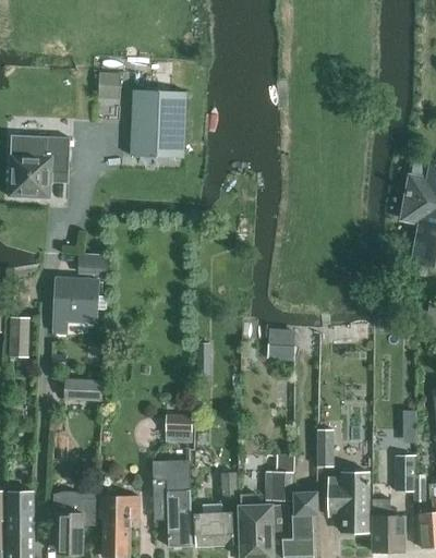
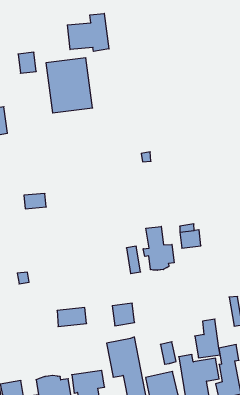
building: none -> [67,13,109,51]
building: [52,279,96,332] -> none
building: none -> [143,226,174,270]
building: [62,378,100,401] -> [57,308,87,327]

